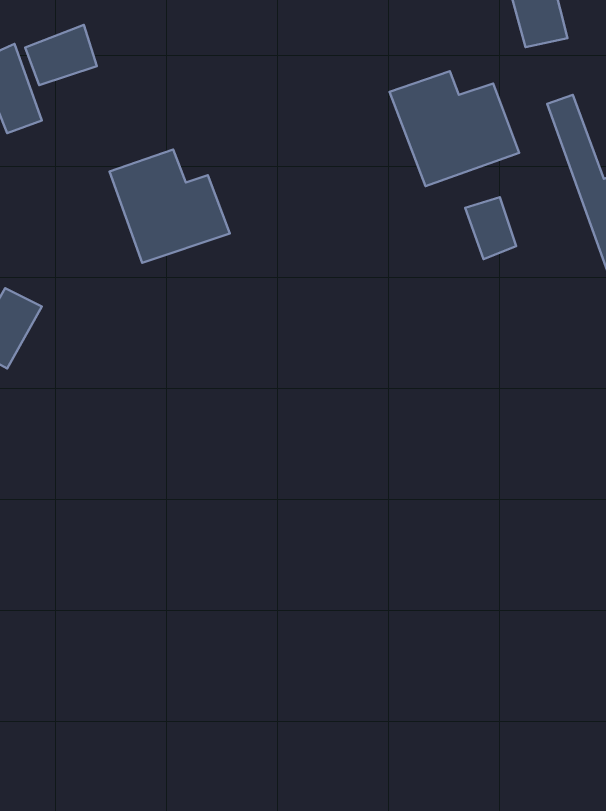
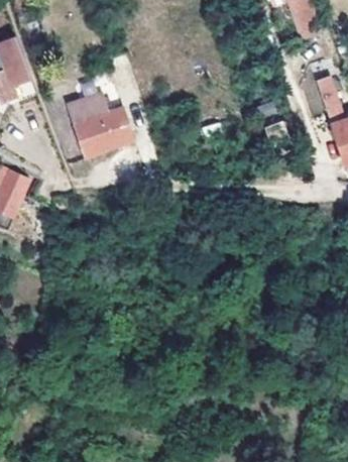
building: [25,25,97,85] -> none
building: [389,71,519,186] -> none

